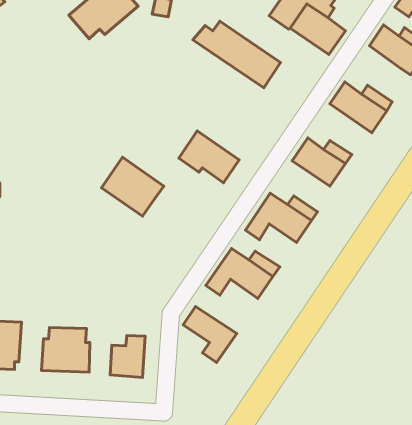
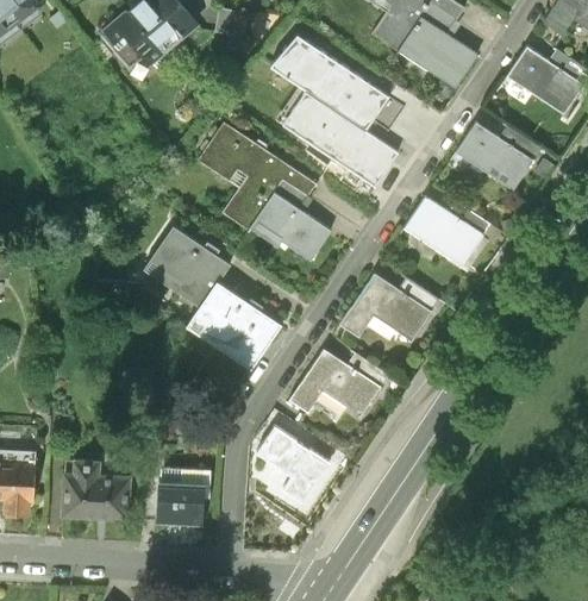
building: none -> [289,92,398,187]
building: none -> [200,124,315,231]
building: none -> [188,282,281,369]

